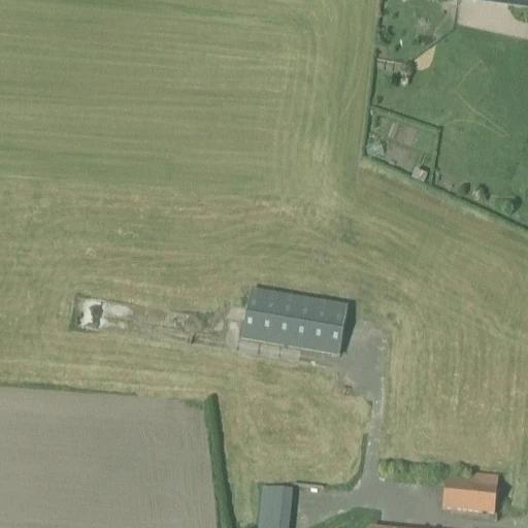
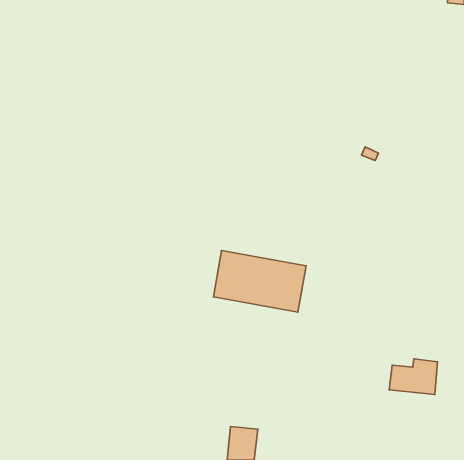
building: [443,472,498,513] -> [389,359,437,394]

